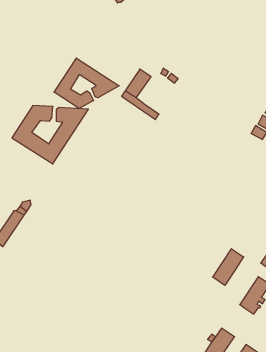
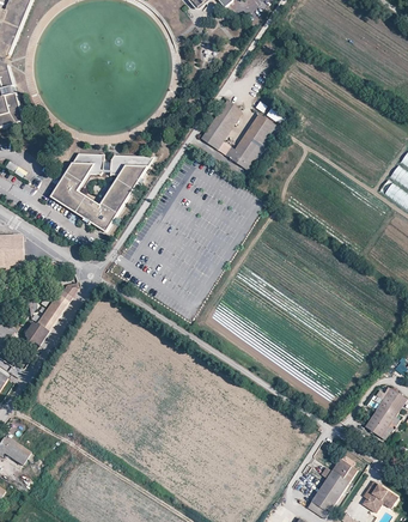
building: [54,58,119,109] -> none
building: none -> [233,114,278,163]
building: [213,249,244,285] -> none

